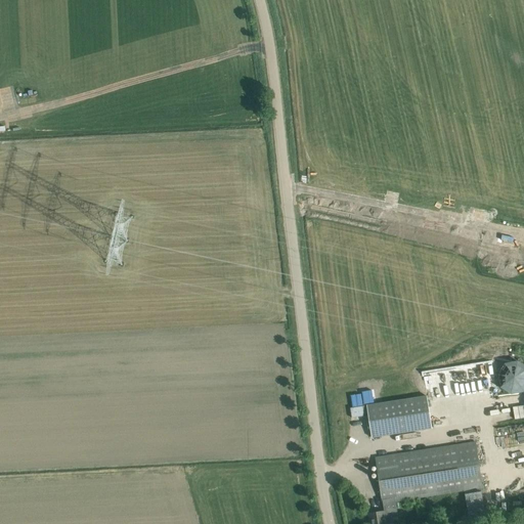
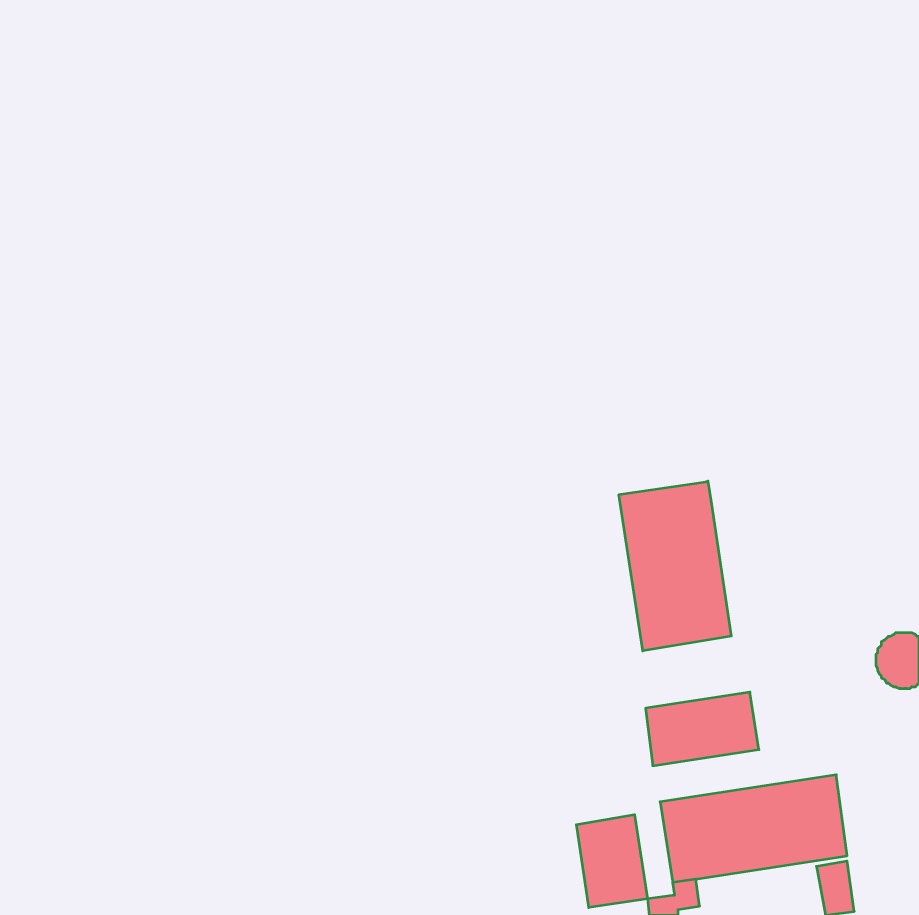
building: none -> [619,481,731,651]
building: none -> [576,815,647,908]

